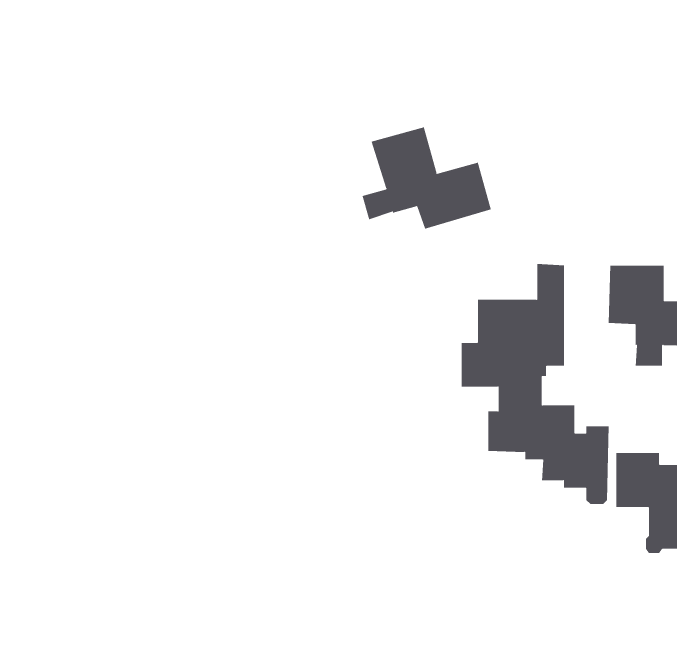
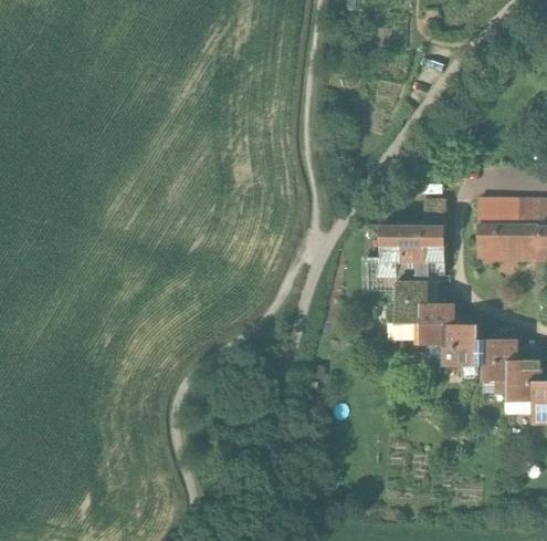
building: [362,126,492,230] -> none

